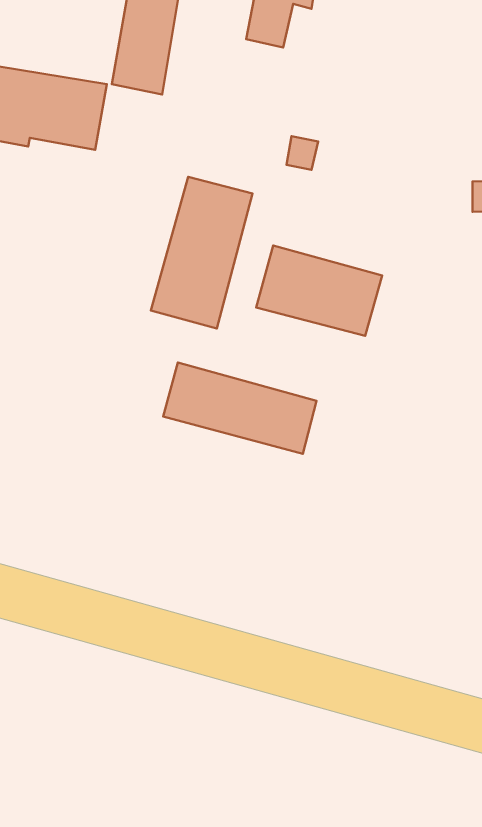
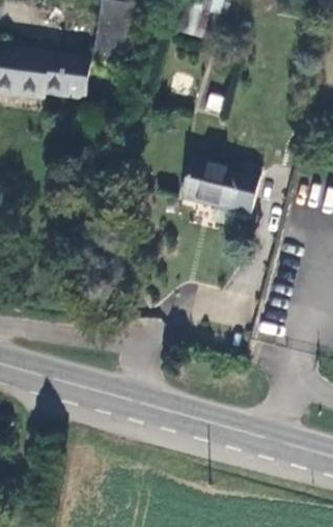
building: [151,177,253,328] -> none
building: [163,362,317,454] -> none

